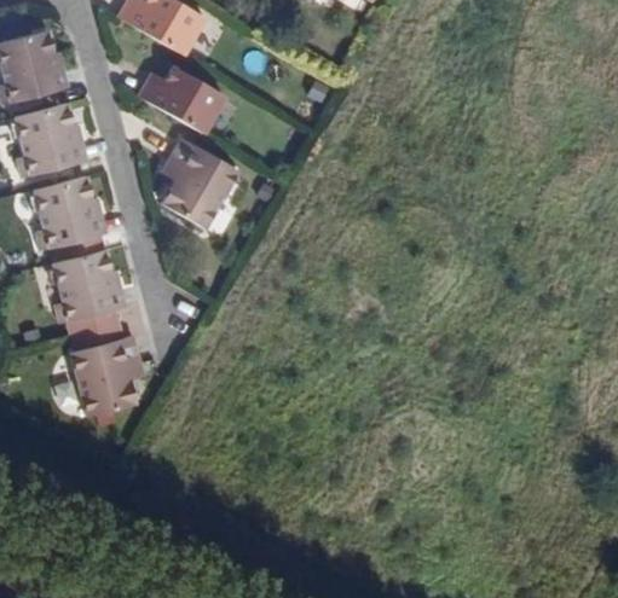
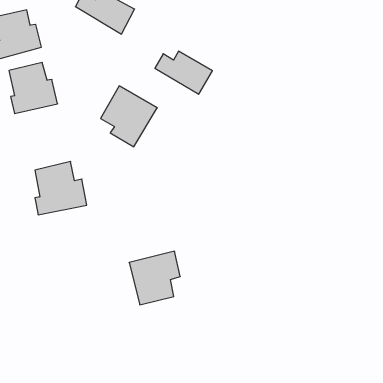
building: [135,70,221,134] -> [155,51,212,94]
building: [34,178,110,252] -> none
building: [65,339,141,419] -> [129,251,180,305]

